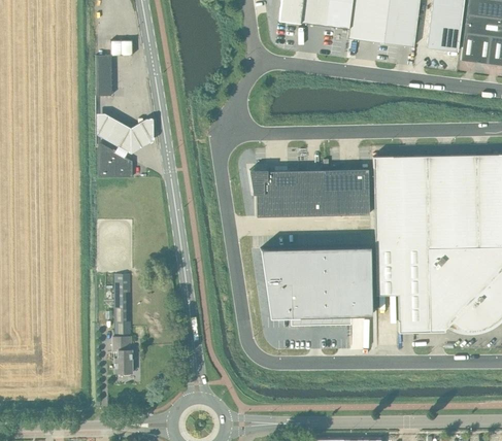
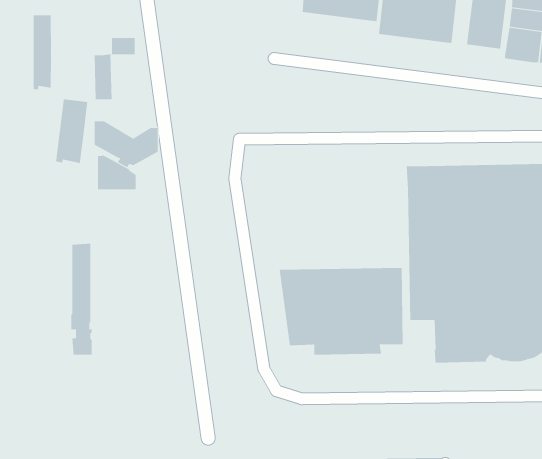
building: none -> [33,14,51,90]
building: none -> [55,98,88,164]
building: [249,168,369,216] -> none
building: [113,273,133,373] -> [70,243,92,355]

